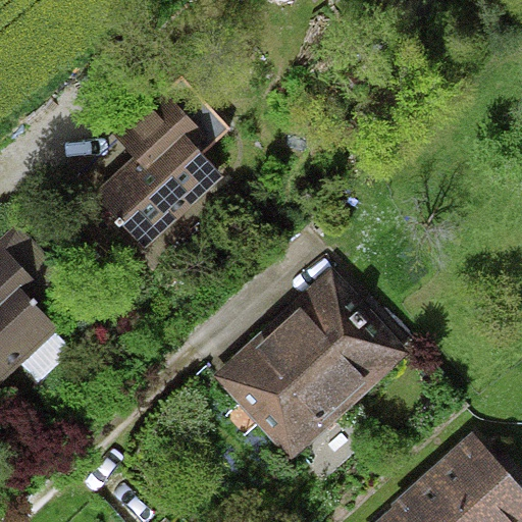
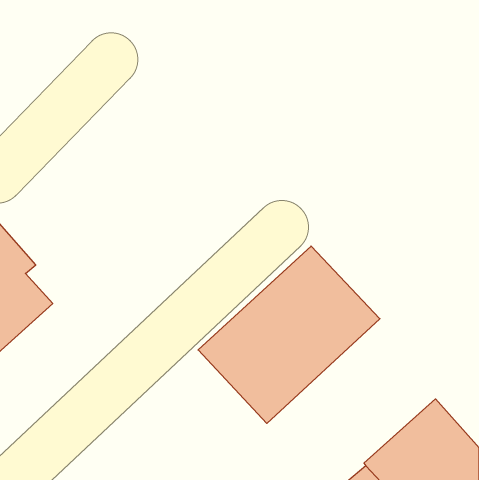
building: [94,91,222,249] -> none

